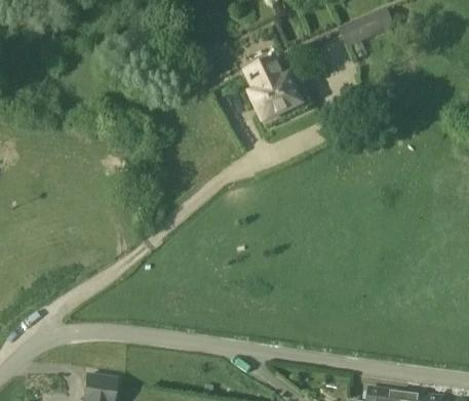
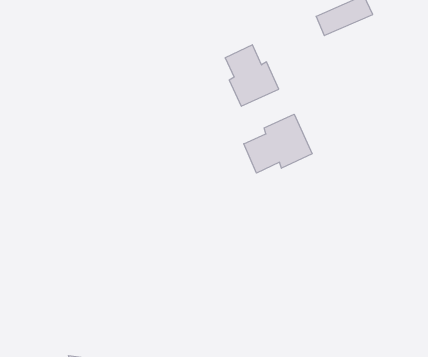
building: none -> [244,114,312,173]

